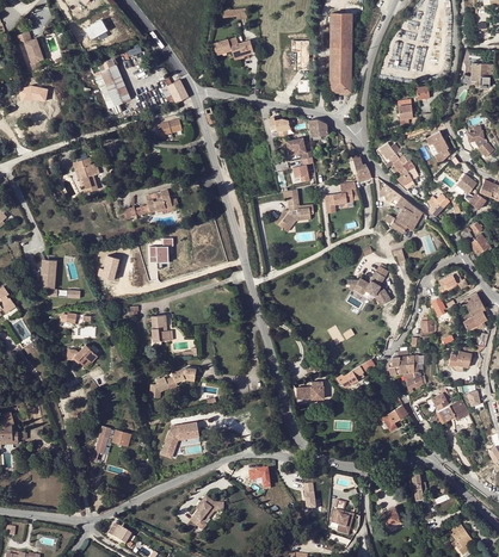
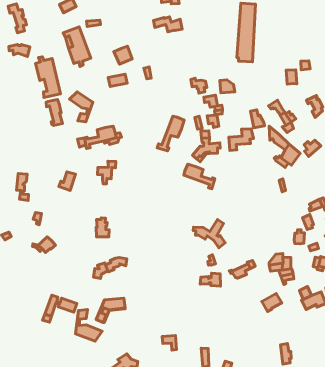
building: none -> [35,57,60,97]
building: none -> [69,92,93,122]
building: none -> [157,116,184,151]
building: none -> [184,164,215,189]
building: [346,267,390,305] -> [193,220,225,248]
building: none -> [75,309,102,341]

